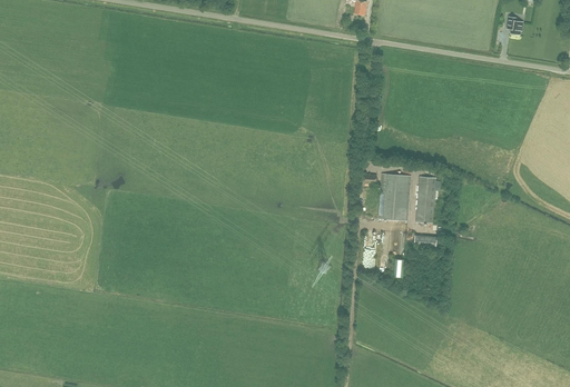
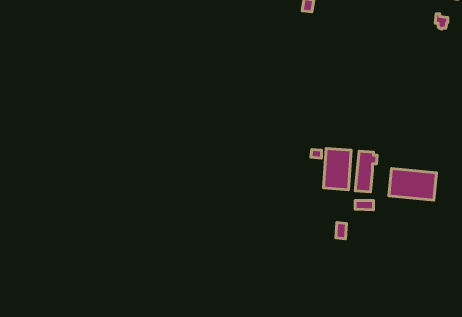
building: none -> [389,169,436,200]

